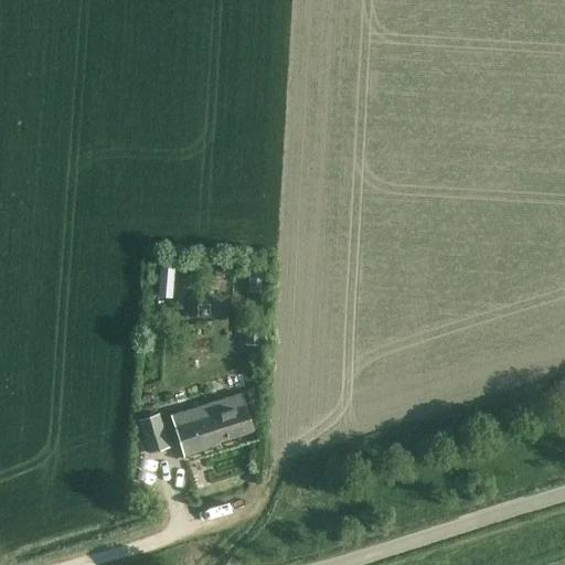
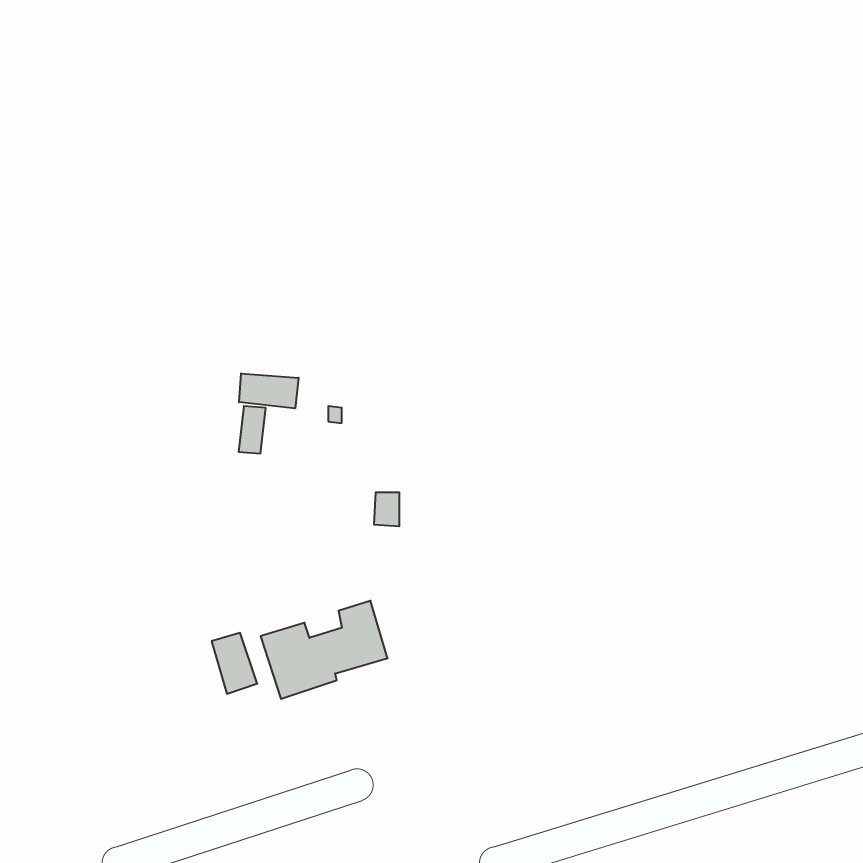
building: none -> [239,373,299,408]

